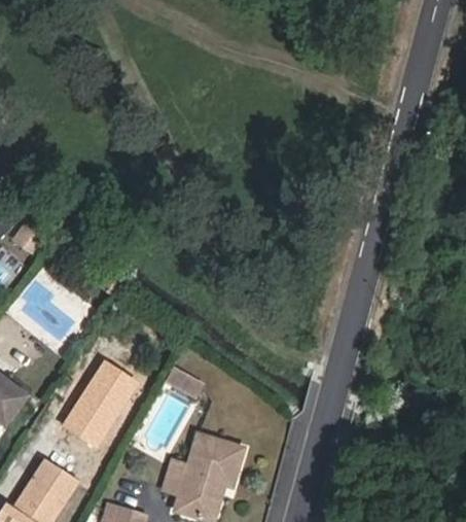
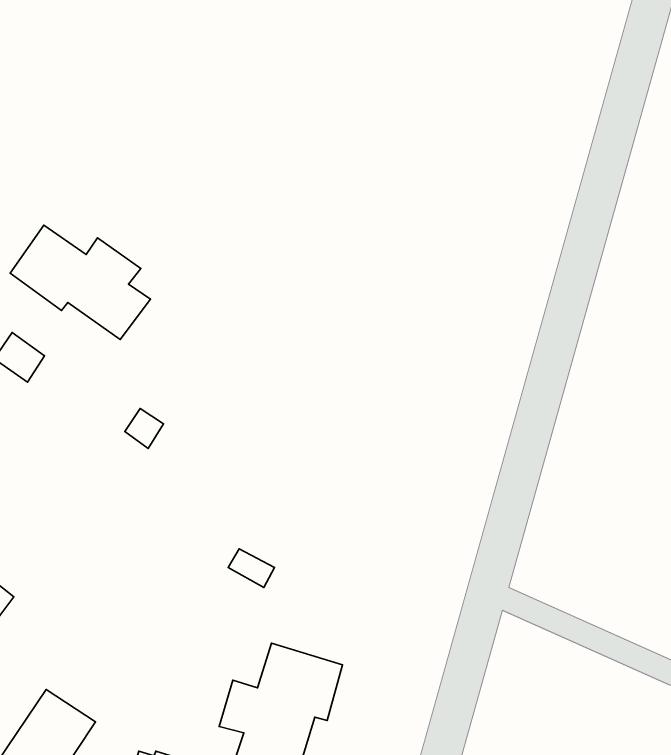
building: none -> [10,225,151,339]
building: [64,364,136,448] -> none

